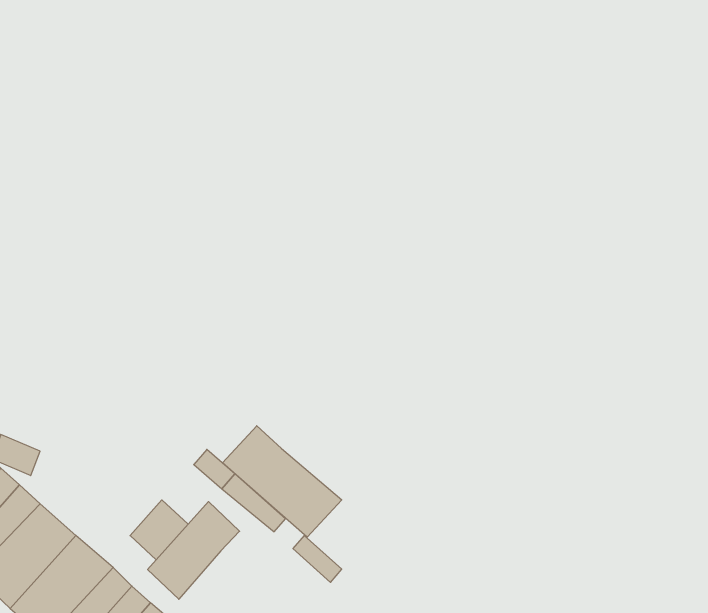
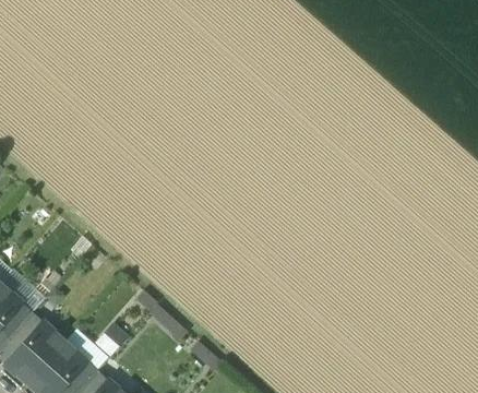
building: [222,426,342,537] -> none
building: [148,502,240,599] -> none

